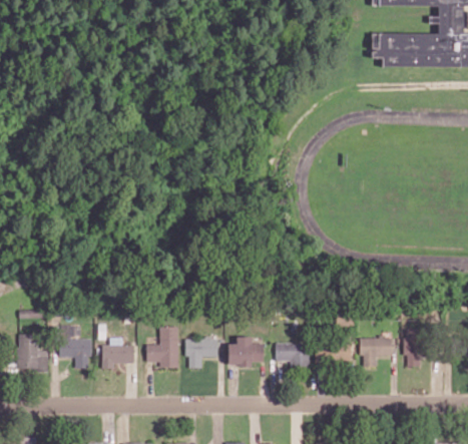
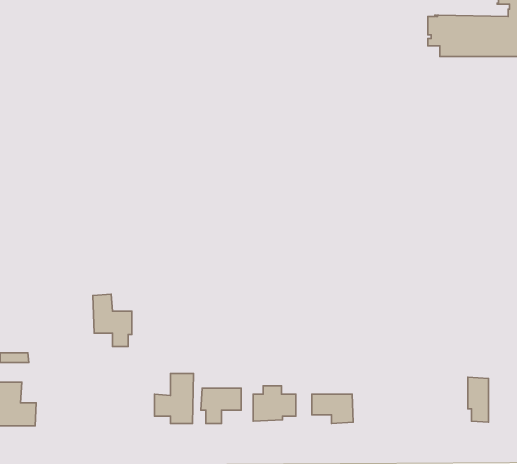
building: [60,325,92,368] -> [93,294,132,347]
building: [360,337,393,366] -> none
building: [102,338,135,369] -> none
building: [316,343,352,365] -> none

